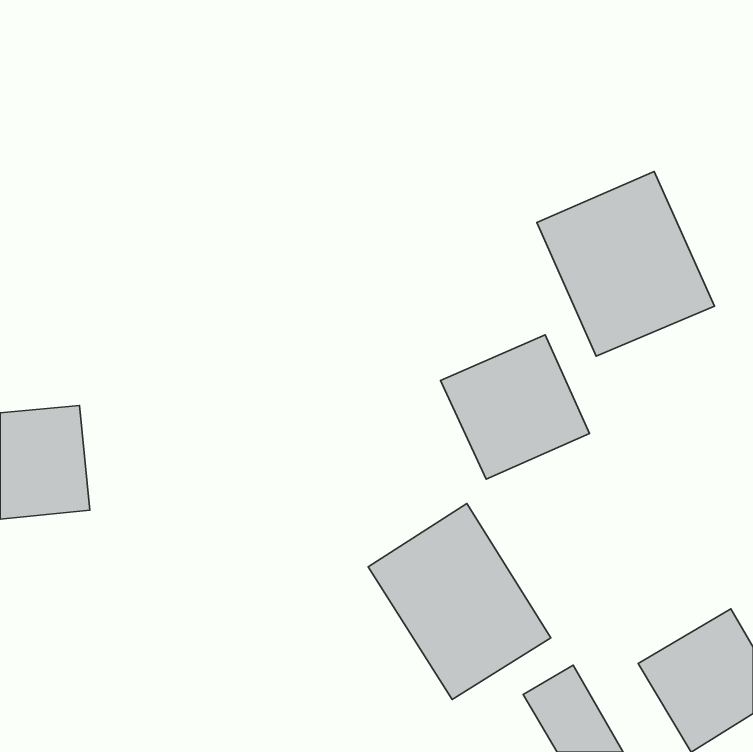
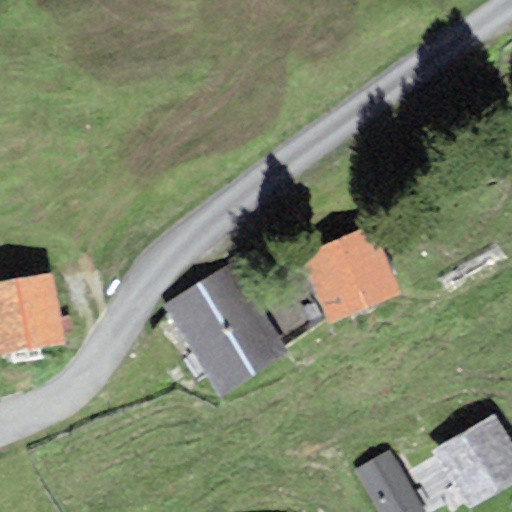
building: [537,171,715,356] -> none
building: [368,504,551,700] -> [163,262,287,395]

